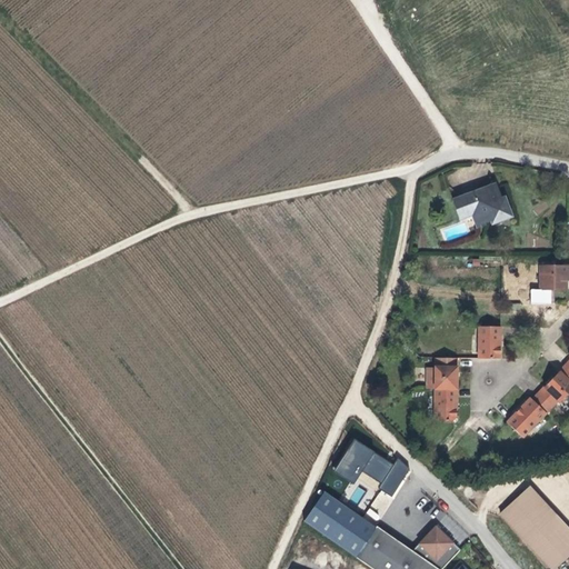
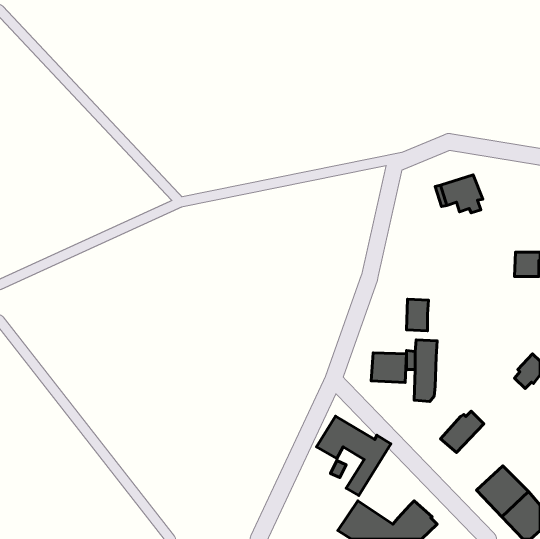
building: [478,326,501,359] -> [406,299,429,331]
building: none -> [371,353,407,382]
building: [506,395,551,438] -> [440,411,484,452]
building: [307,490,376,557] -> none

